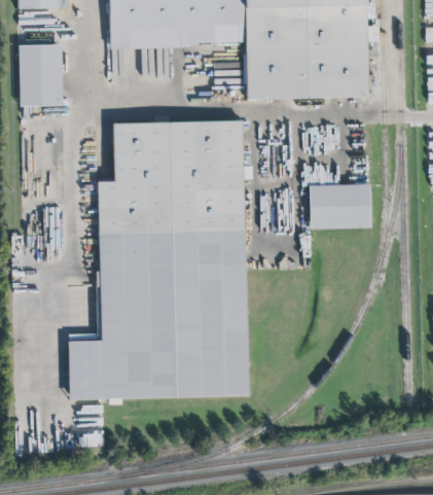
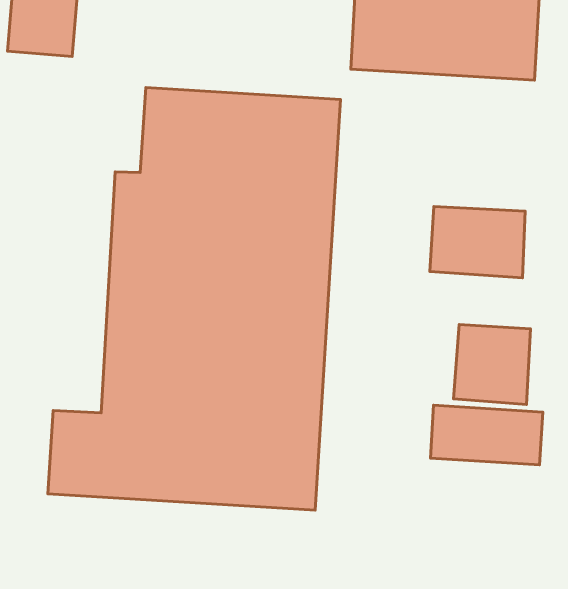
building: none -> [454,324,531,405]
building: none -> [430,405,543,465]

